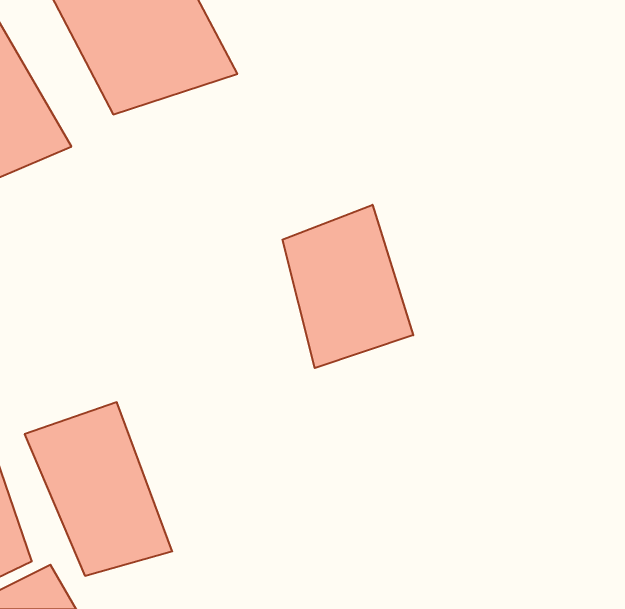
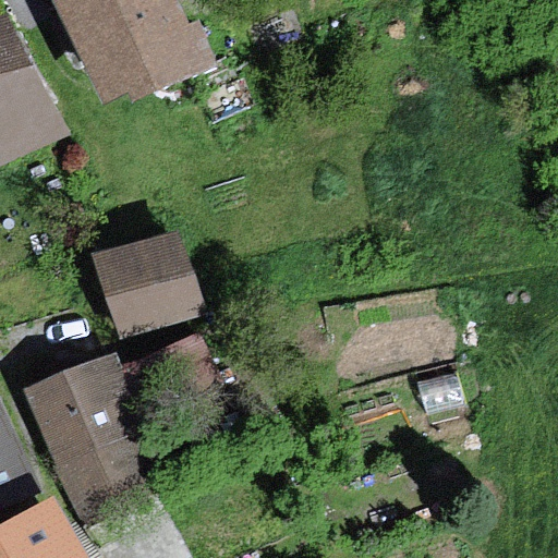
building: [282,205,413,368] -> none
building: none -> [89,231,209,347]

